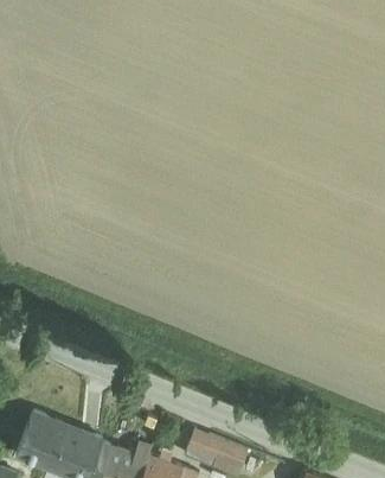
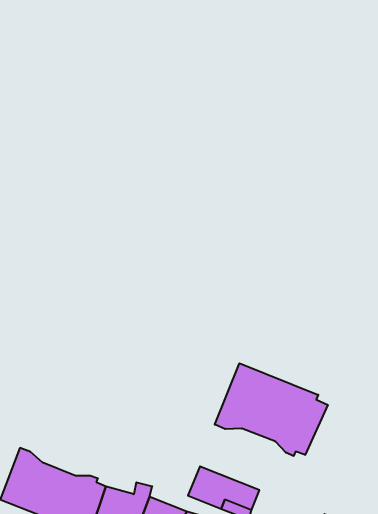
building: none -> [215,363,328,456]

